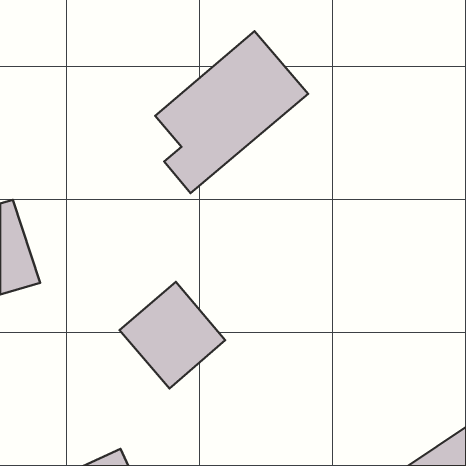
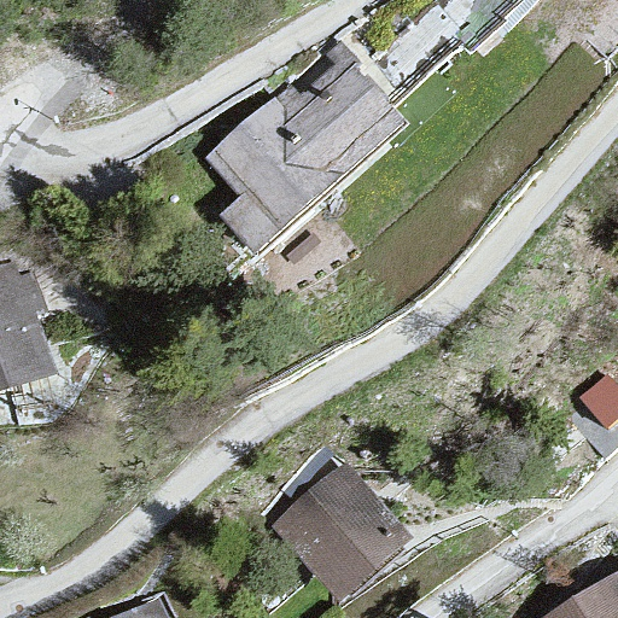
building: [119,282,225,388] -> [272,462,412,604]

